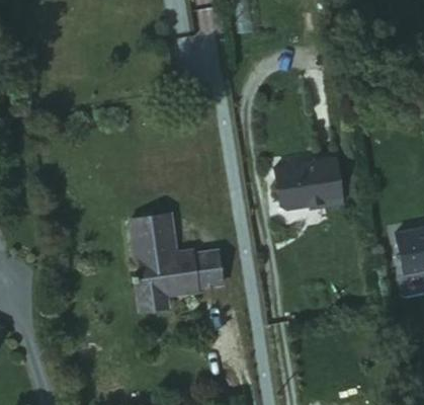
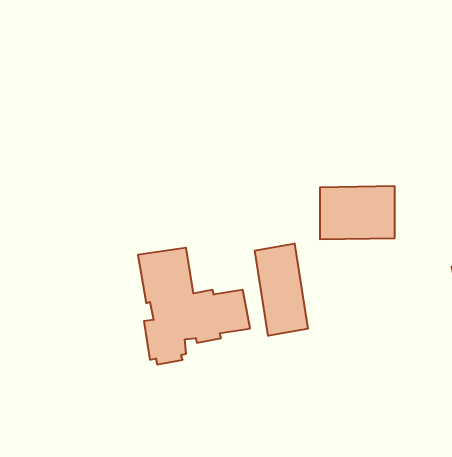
building: none -> [255,243,308,336]

